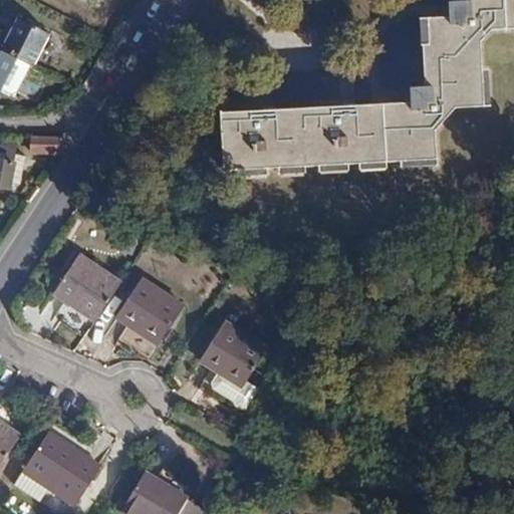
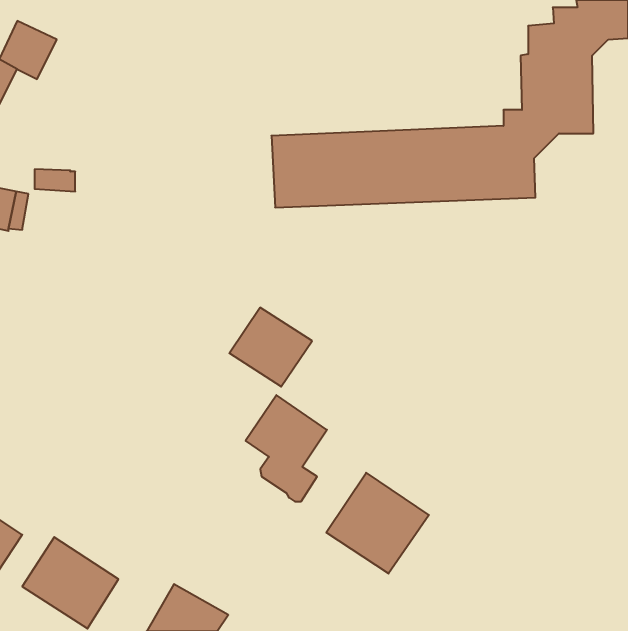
building: [53,252,121,319] -> none
building: [117,277,185,341] -> [229,308,312,387]
building: none -> [326,473,429,574]

